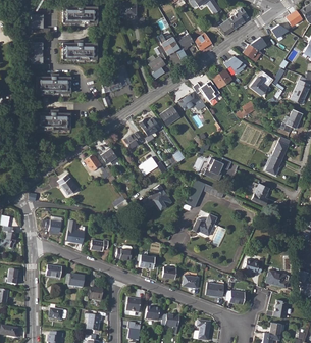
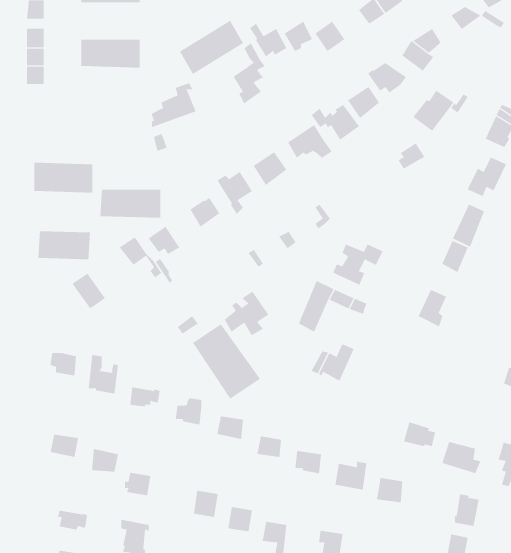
building: none -> [179,20,244,75]
building: [36,77,70,93] -> [99,189,161,218]
building: none -> [38,230,90,260]
building: none -> [192,323,261,400]

